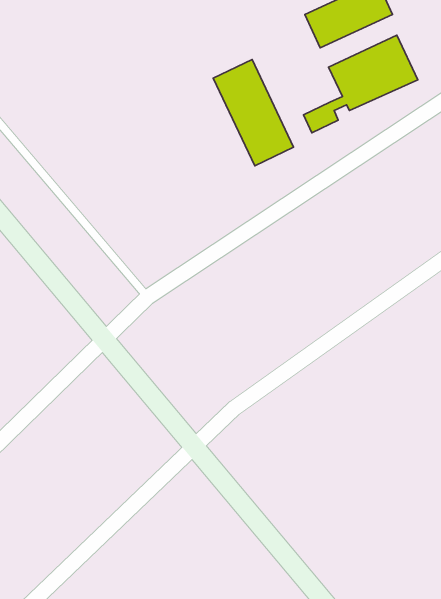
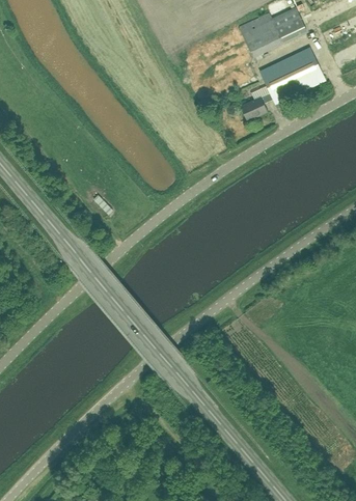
building: [213,60,294,166] -> none

